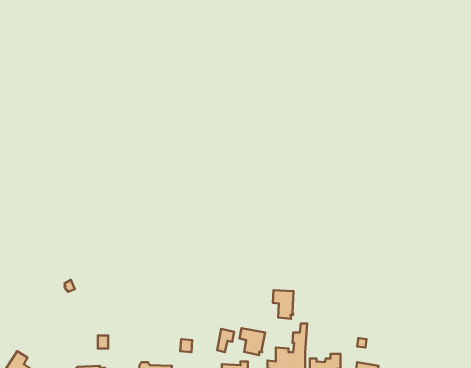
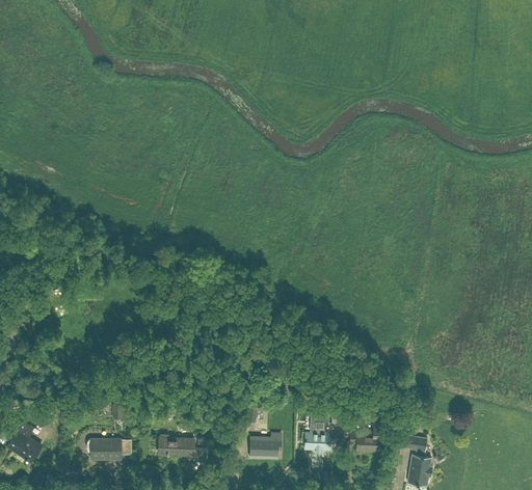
building: [273,290,294,319] -> none
building: [240,328,265,355] -> none

